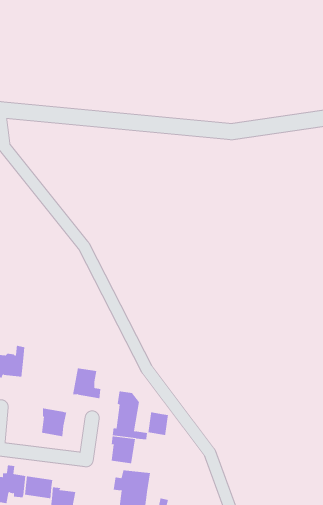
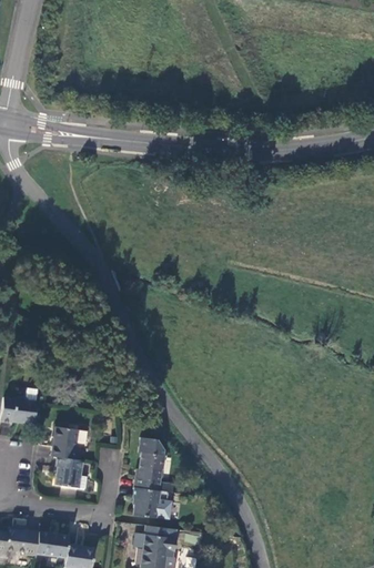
building: [72,368,101,399] -> [50,426,82,460]
building: [148,411,168,436] -> none

